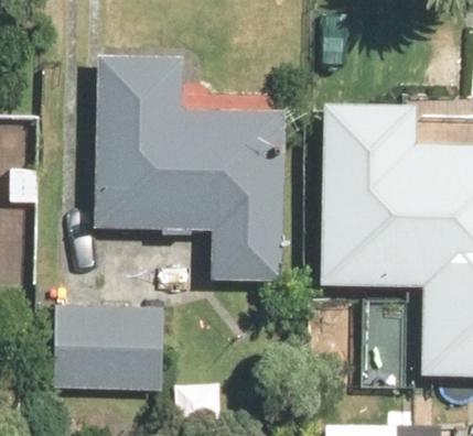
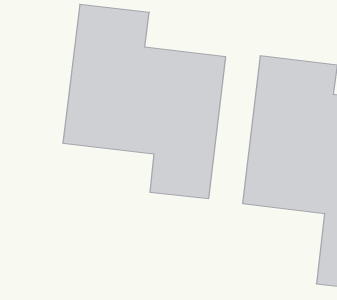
building: [50,302,164,391] -> none

